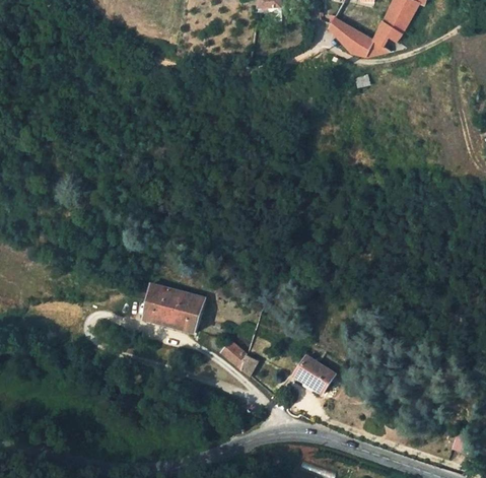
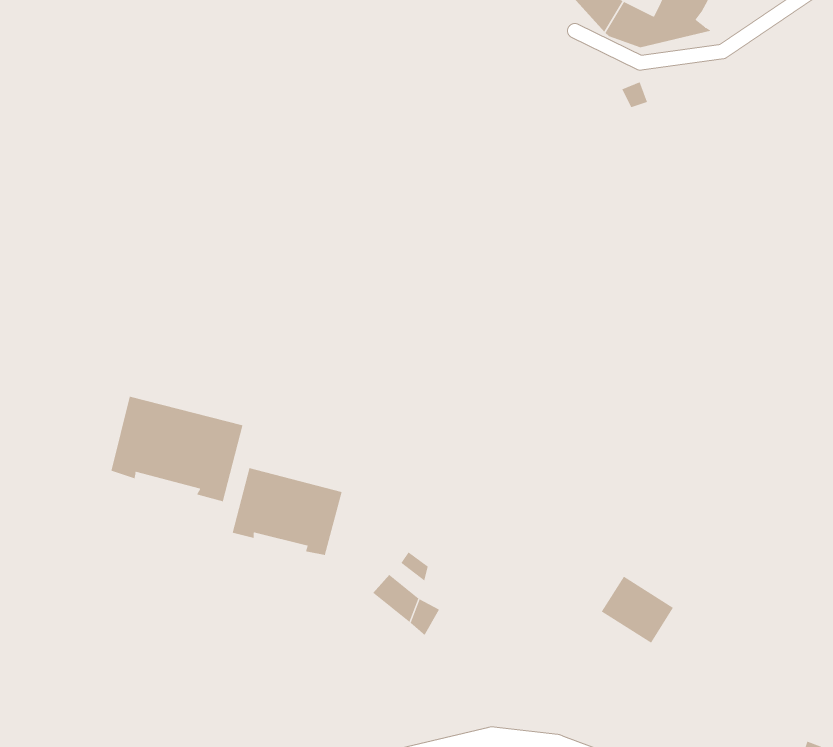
building: none -> [111,396,243,502]
building: [294,355,334,392] -> [601,576,674,643]

